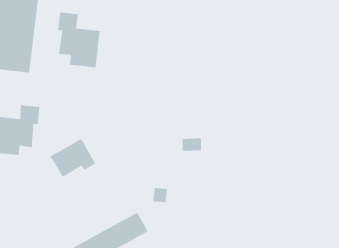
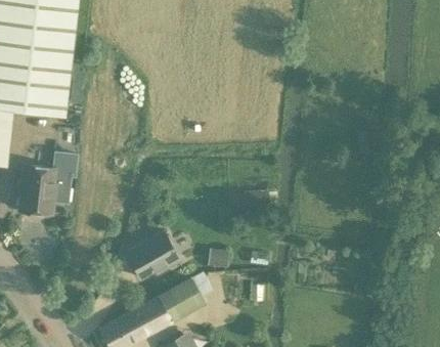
building: [57,11,101,68] -> none
building: [49,138,96,178] -> [126,234,181,281]

